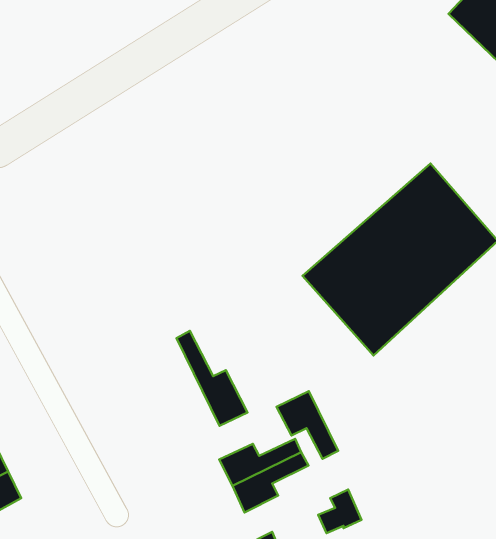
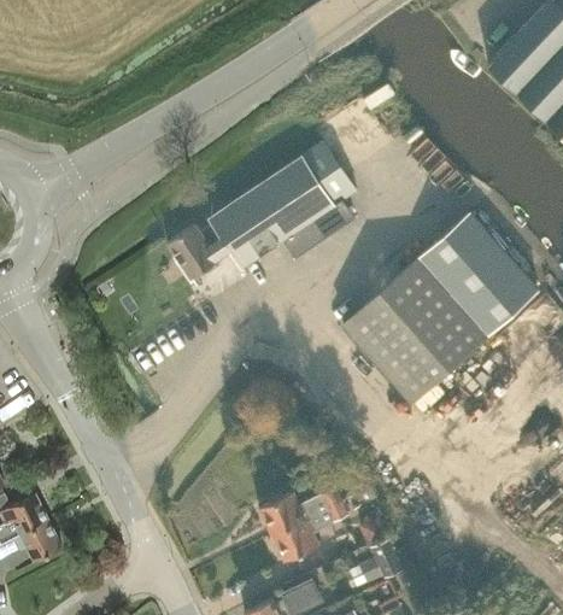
building: none -> [166,142,356,279]
building: [177,331,247,426] -> none
building: [277,391,338,459] -> none

